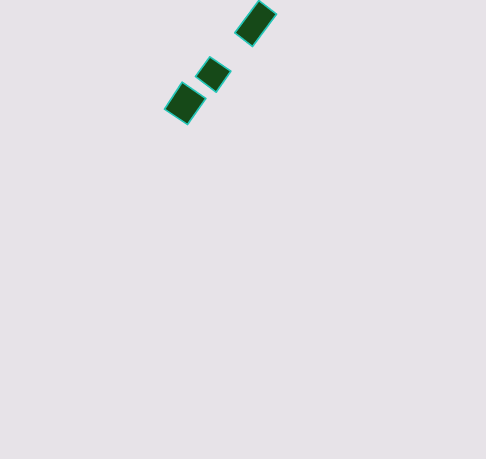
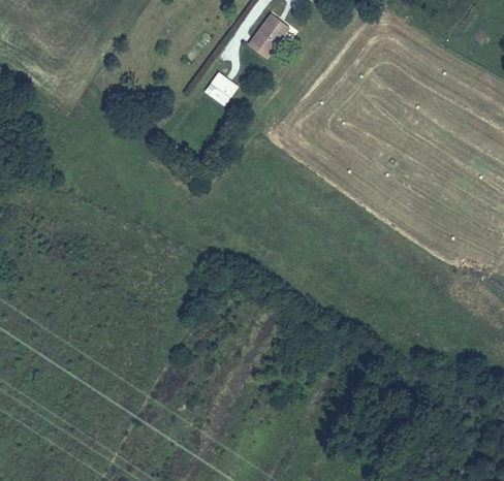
building: [165,82,206,124] -> none

